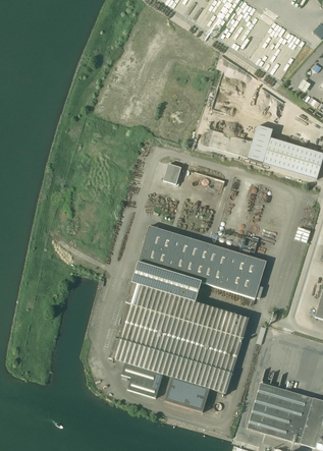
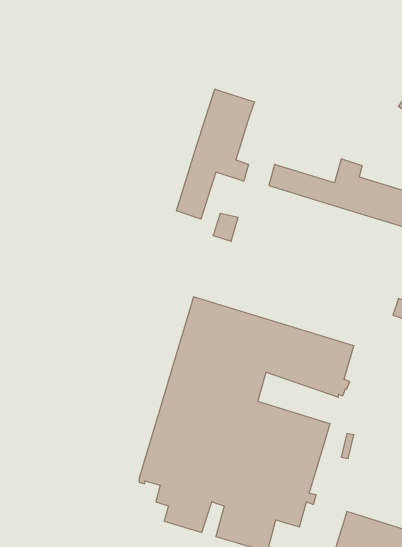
building: none -> [176,89,254,219]

